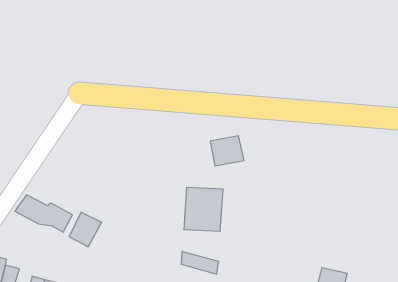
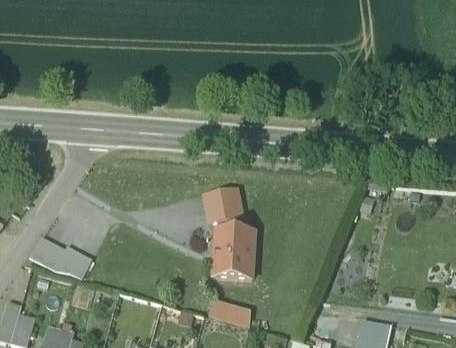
building: [210,136,244,166] -> [205,190,242,223]
building: [69,212,102,247] -> none

